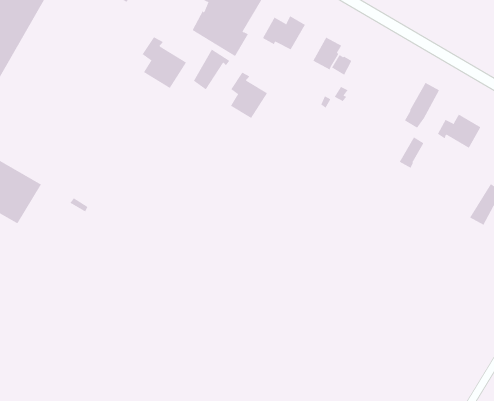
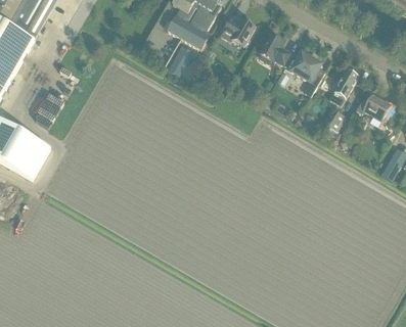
building: [142,36,187,89] -> none
building: none -> [290,51,321,81]
building: [230,72,268,119] -> none

